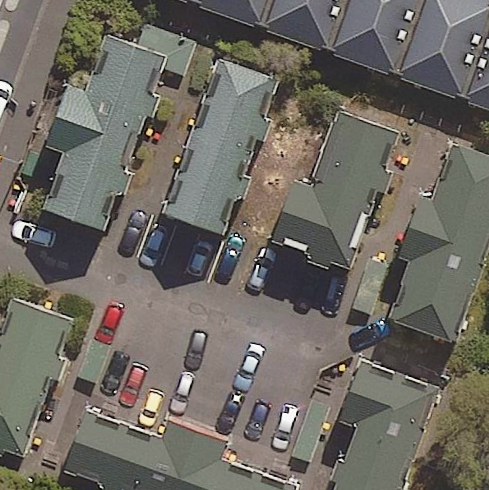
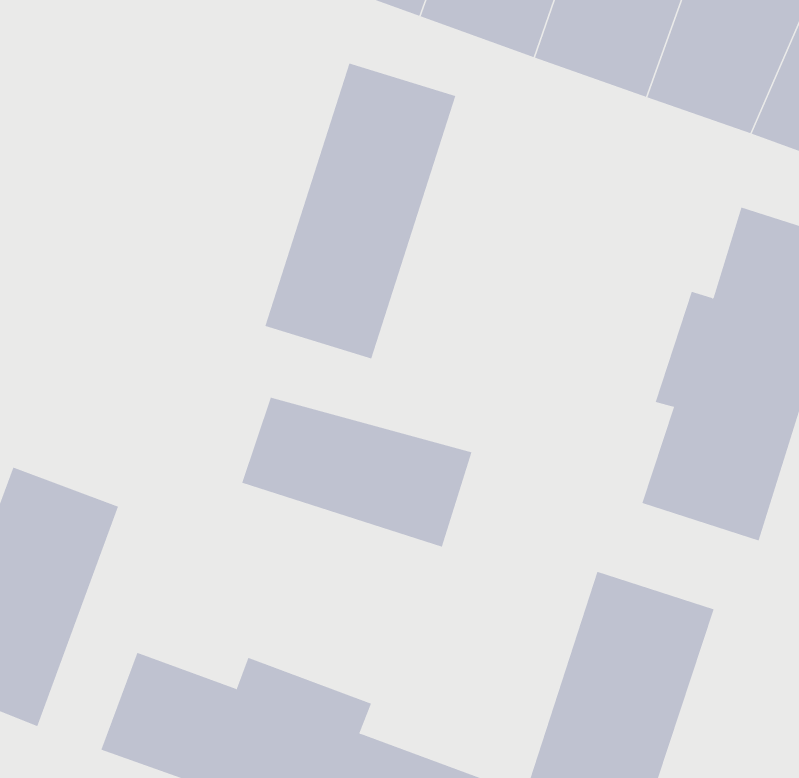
building: [46,35,166,231] -> none
building: [268,106,399,271] -> none
building: none -> [242,397,472,548]

